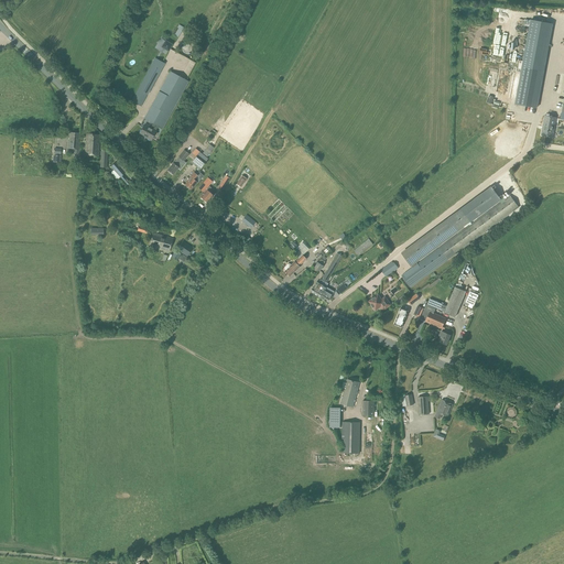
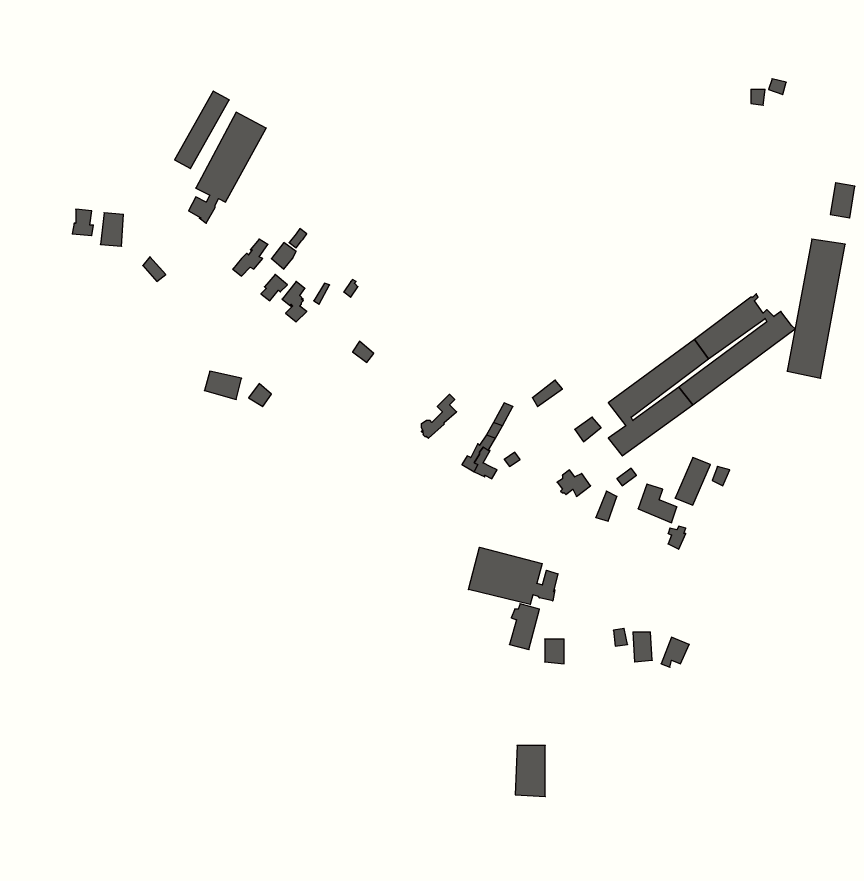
building: [516,20,552,107] -> [787,239,845,378]
building: none -> [468,547,558,605]
building: [341,421,360,453] -> [515,745,545,797]

